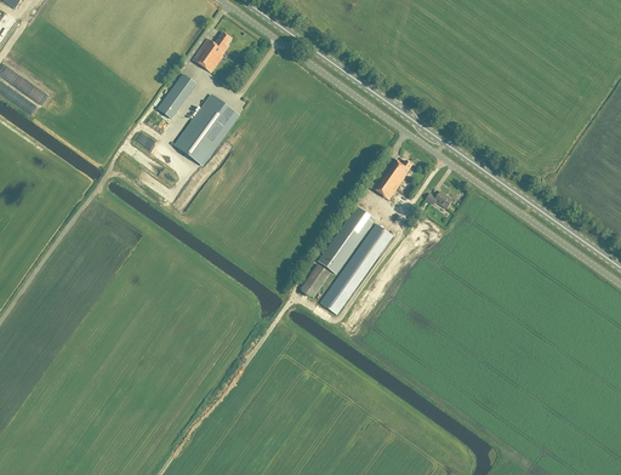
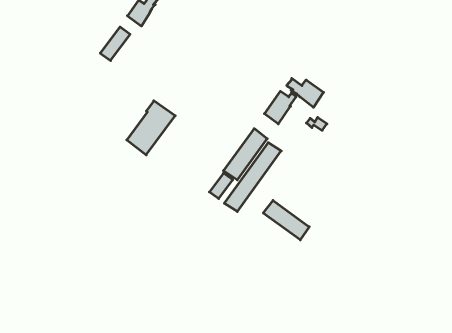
building: [176,95,239,165] -> [127,101,175,155]
building: none -> [287,78,324,107]
building: none -> [263,200,309,240]

